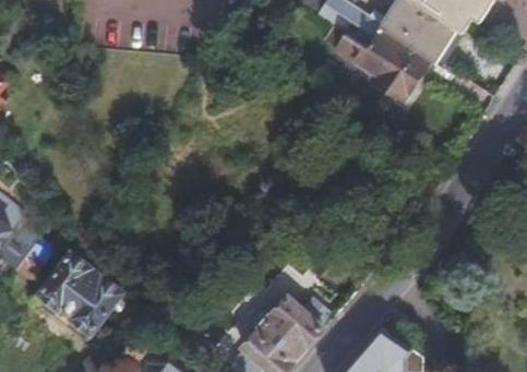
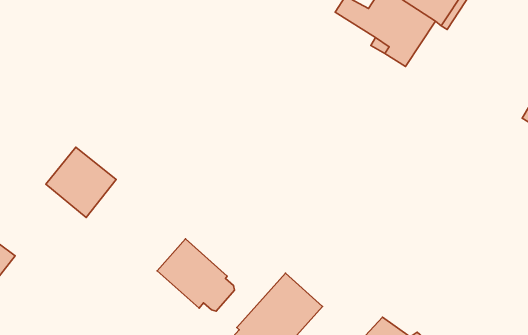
building: [44,255,110,322] -> [46,147,116,218]
building: none -> [157,239,235,311]

